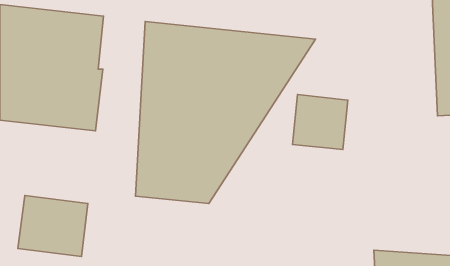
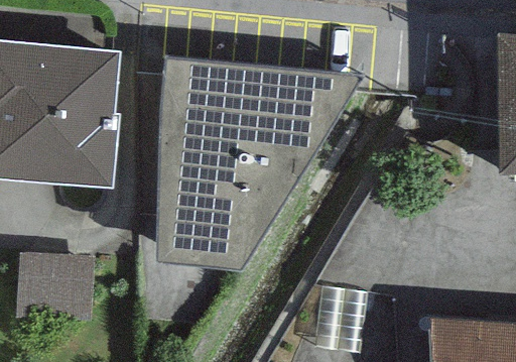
building: [292,95,348,149] -> none

